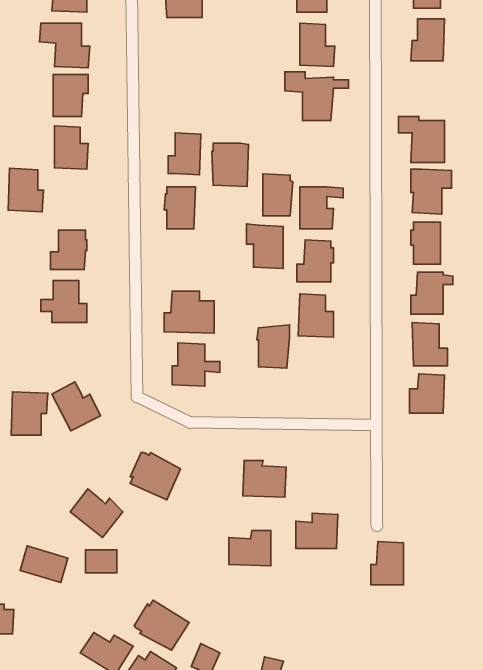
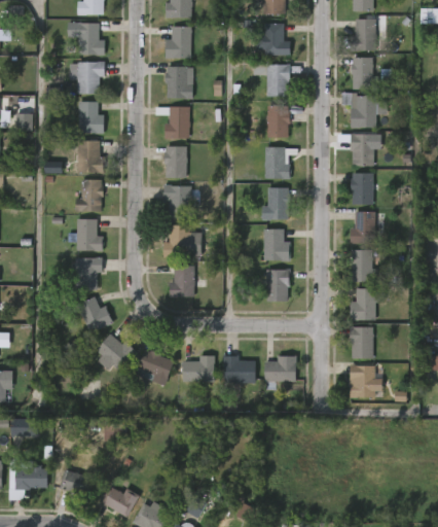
building: none -> [166,27,192,59]
building: none -> [350,58,376,90]
building: [212,143,248,186] -> [165,67,192,100]
building: [8,168,43,212] -> [78,140,105,173]
building: [263,174,293,216] -> [268,105,291,137]
building: [247,224,283,268] -> [162,185,190,219]
building: [257,325,289,368] -> [266,269,291,302]
building: [11,392,48,435] -> [76,256,104,289]
building: none -> [350,325,373,358]
building: [70,489,123,538] -> [96,333,136,371]
building: [296,513,338,548] -> [266,355,298,382]
building: [229,531,271,566] -> [181,355,213,382]
building: [371,542,403,585] -> [352,365,376,398]
building: [20,546,68,583] -> [58,469,94,497]
building: [134,600,189,650] -> none

